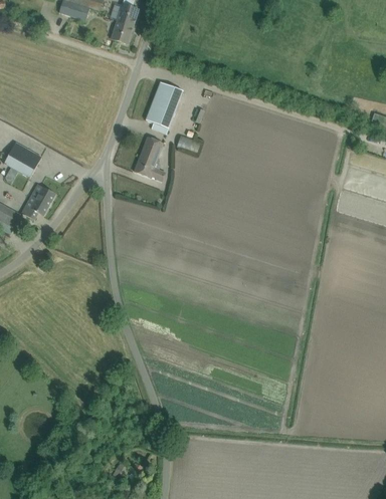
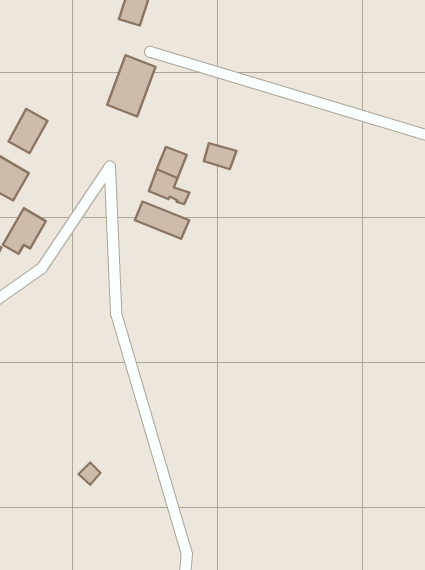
building: [145,80,182,128] -> [107,55,156,116]
building: none -> [8,109,47,153]
building: none -> [135,201,189,239]

